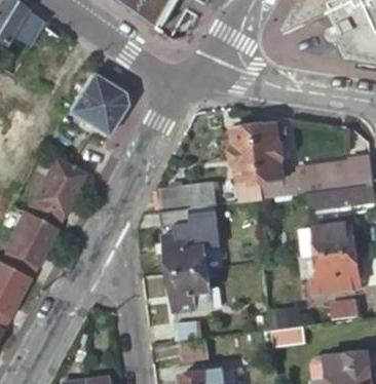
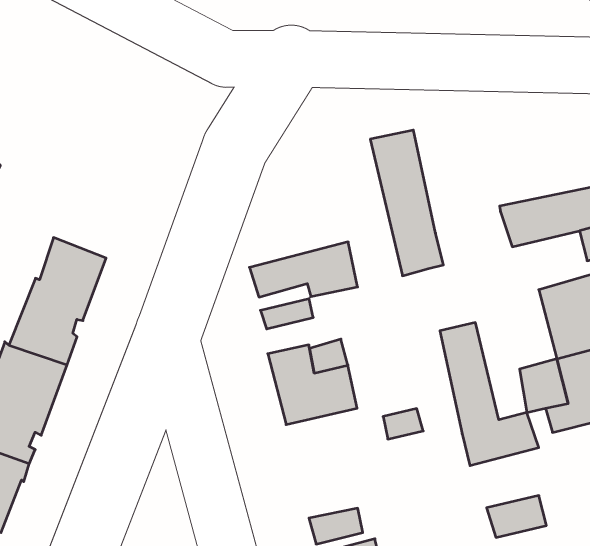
building: [67,71,126,135] -> none
building: [255,122,300,198] -> [440,323,539,466]
building: [167,269,212,311] -> none

